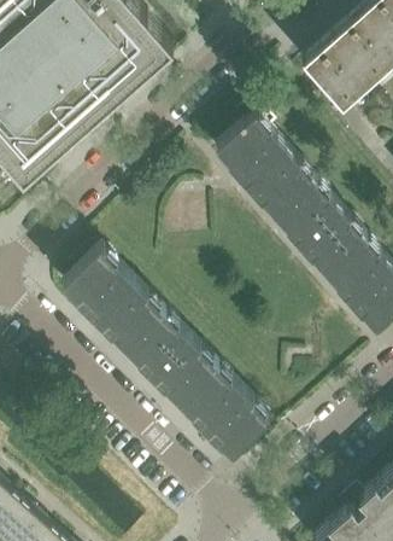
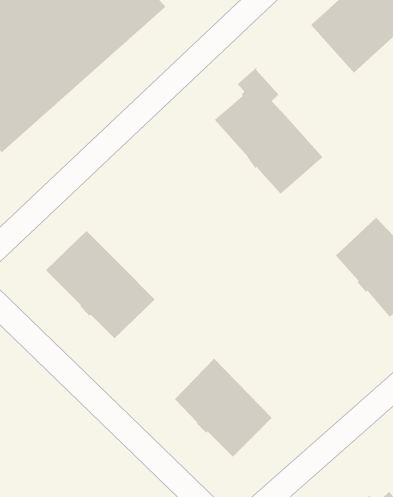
building: [276,187,363,277] -> none
building: [125,316,216,407] -> none

